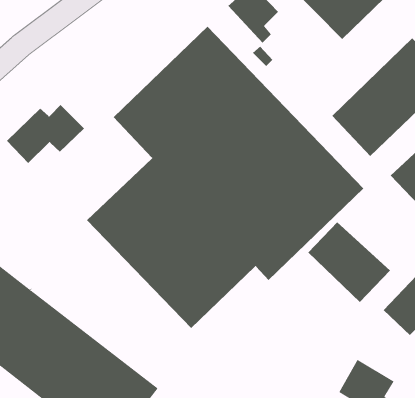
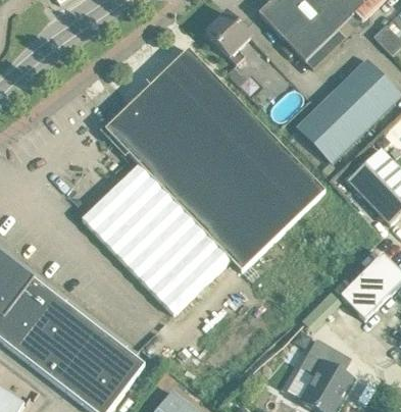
building: [6,104,85,164] -> none
building: [307,222,391,303] -> none

